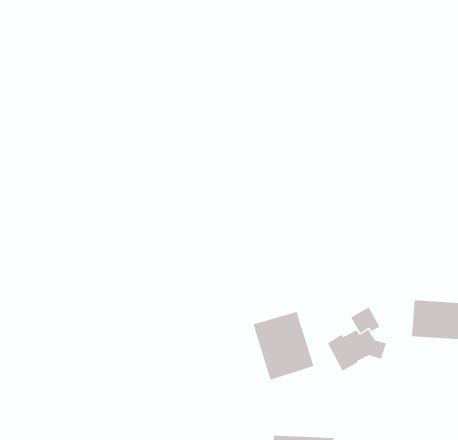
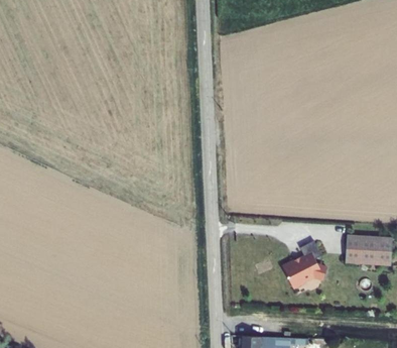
building: [253,311,314,380] -> none

